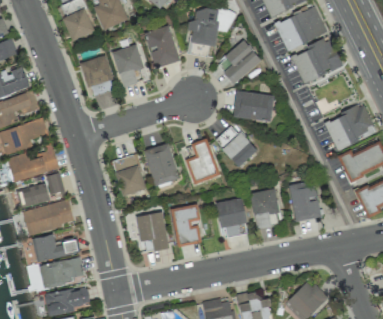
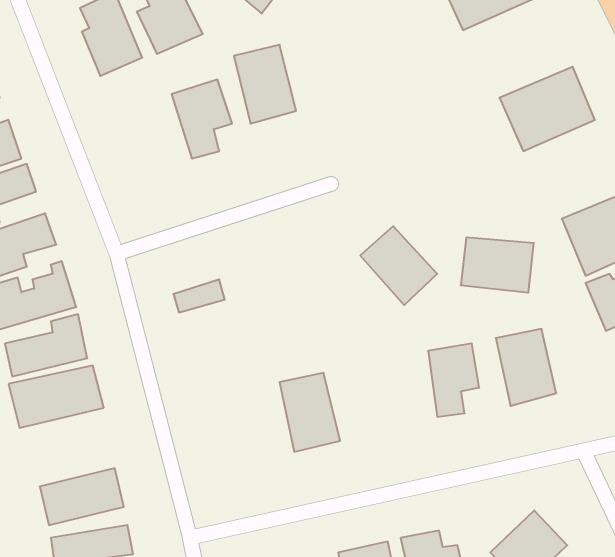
building: [274,5,326,50] -> none
building: [187,6,233,45] -> none
building: [222,40,261,84] -> none
building: [80,55,115,95] -> none
building: [233,91,273,121] -> [461,238,534,293]
building: [185,138,219,184] -> none
building: [143,142,178,186] -> none
building: [115,166,145,195] -> none
building: [216,198,247,236] -> none
building: [136,212,169,251] -> none
building: [32,234,78,261] -> none

